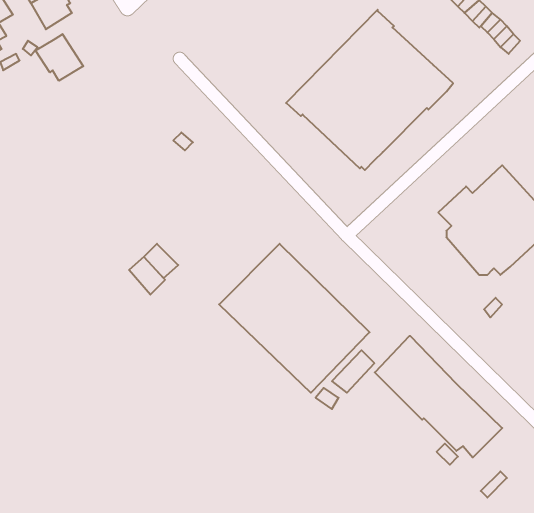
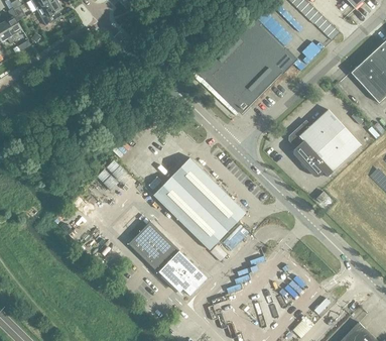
building: [35,34,83,81] -> none
building: [375,336,502,457] -> [129,221,208,296]

